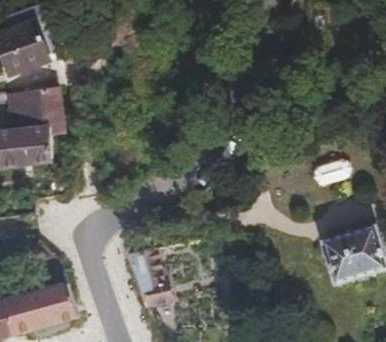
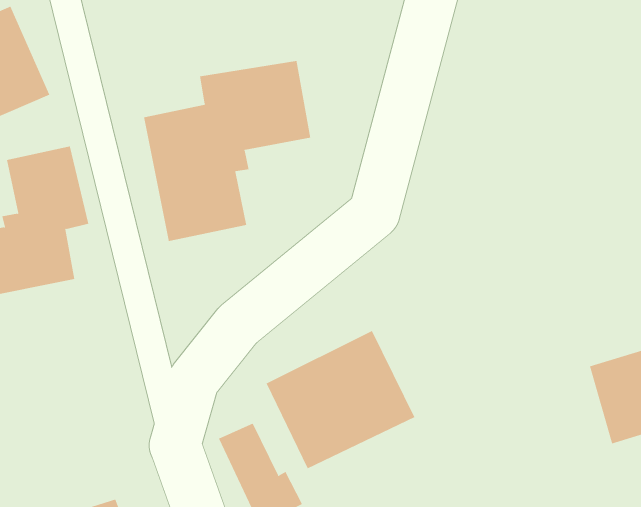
building: none -> [143,60,311,242]
building: none -> [266,330,415,469]

